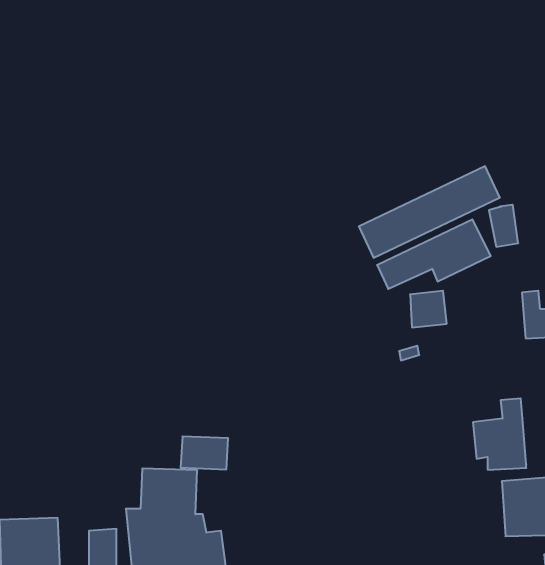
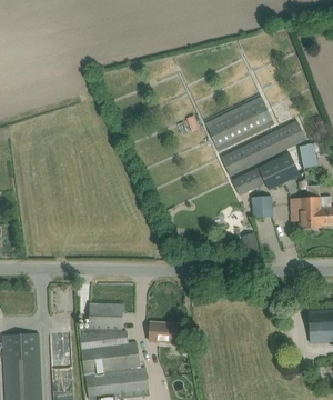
building: none -> [204,96,273,150]
building: [473,398,526,470] -> [289,184,321,228]
building: [181,436,228,469] -> [149,322,178,342]

